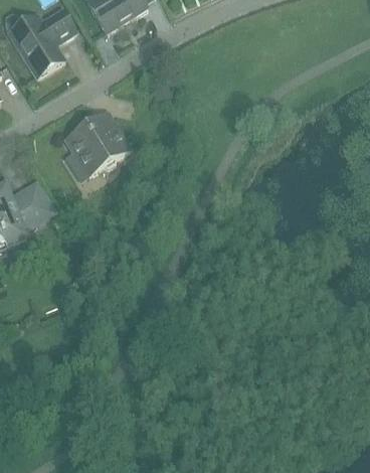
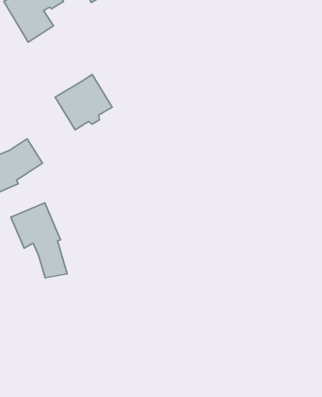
building: none -> [11,203,67,278]

